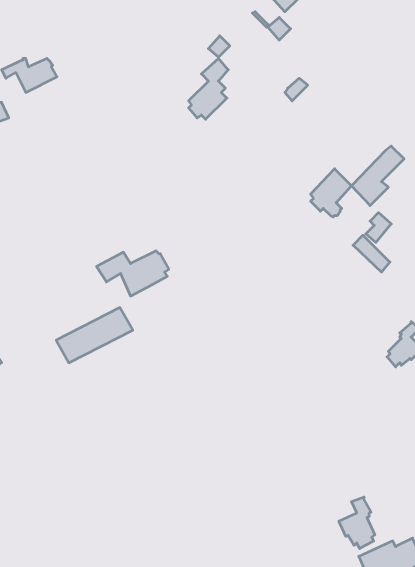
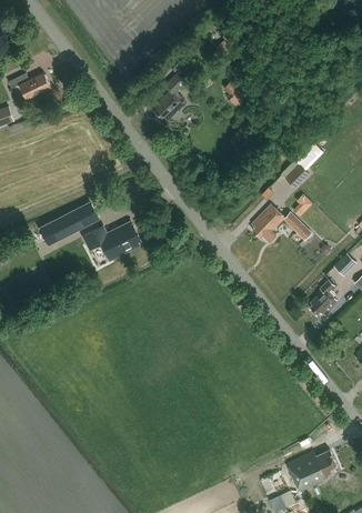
building: [311,169,352,217] -> [251,204,283,242]
building: [56,308,133,363] -> [39,203,99,247]
building: [339,497,375,549] -> none

